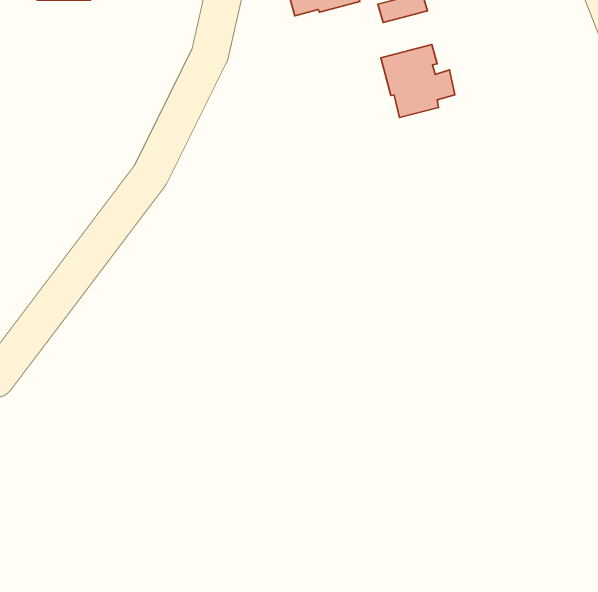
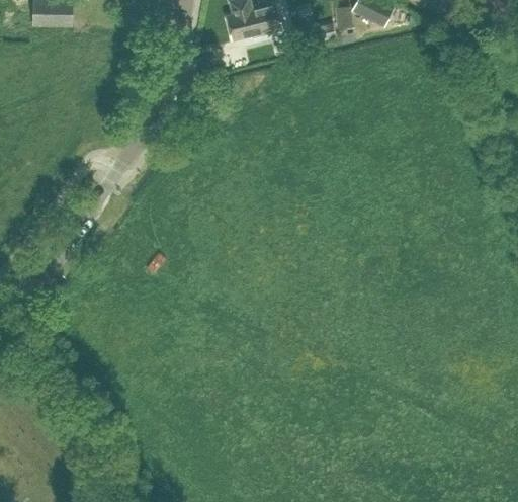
building: [381,44,455,117] -> none

